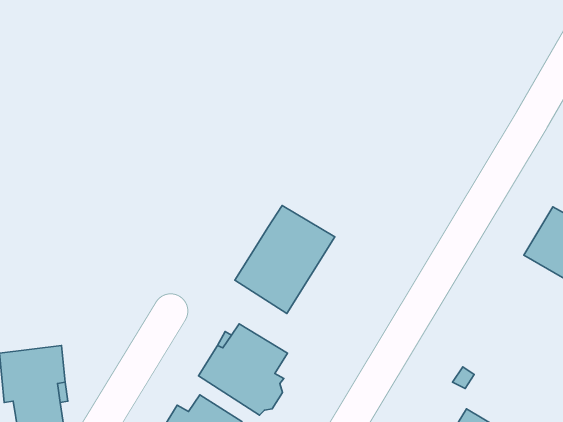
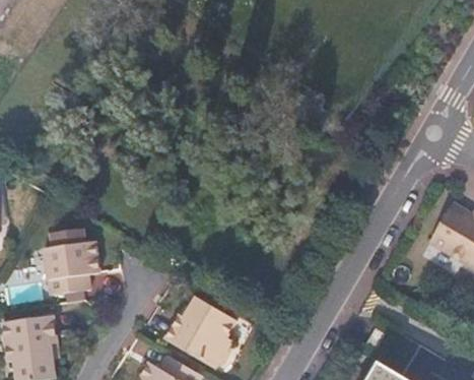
building: [235,205,335,313] -> none
building: none -> [43,238,98,294]

